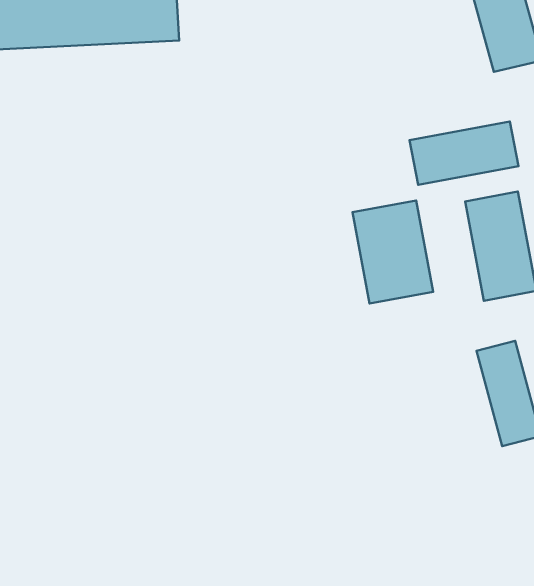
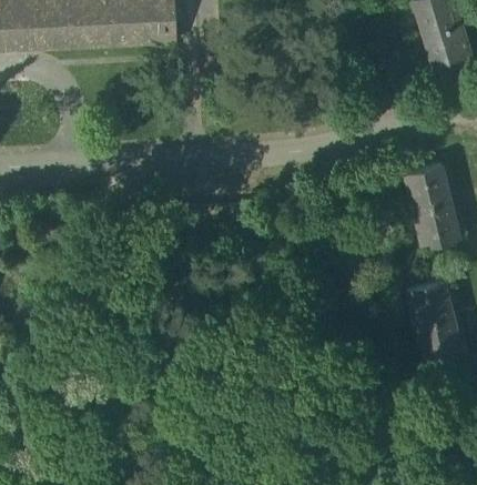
building: [409,121,519,185] -> none
building: [353,200,433,304] -> none

